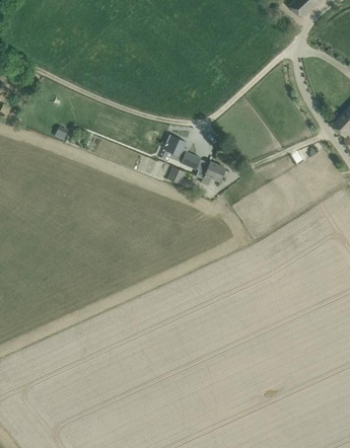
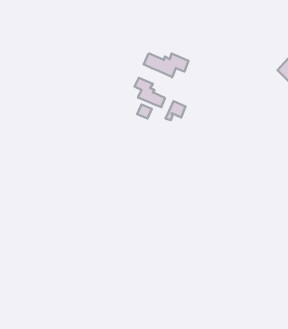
building: none -> [144,53,189,77]

